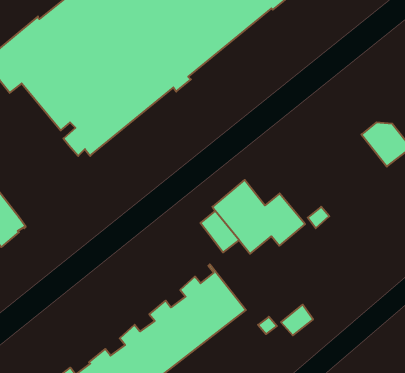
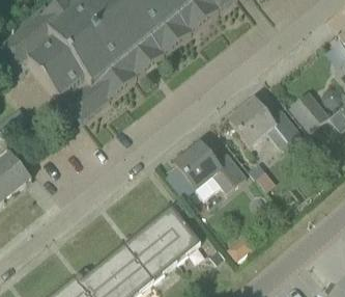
building: none -> [230,97,301,147]

